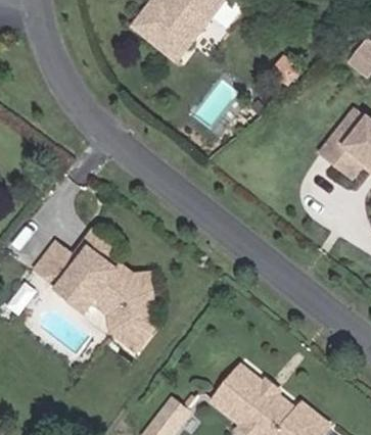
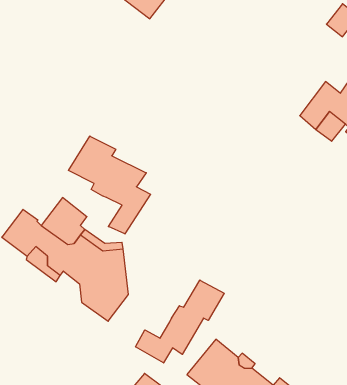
building: none -> [68,136,151,234]
building: none -> [136,280,224,363]

